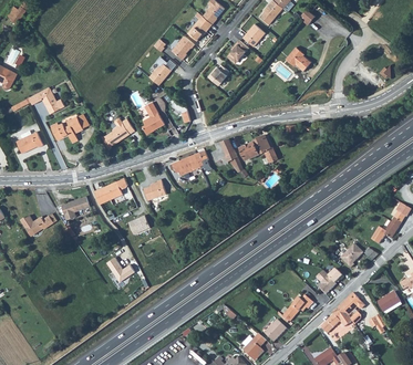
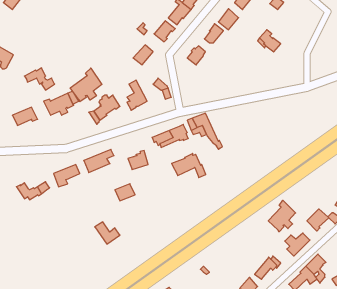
building: none -> [70,68,102,102]
building: [238,136,276,163] -> [172,153,206,178]
building: none -> [268,200,296,232]

